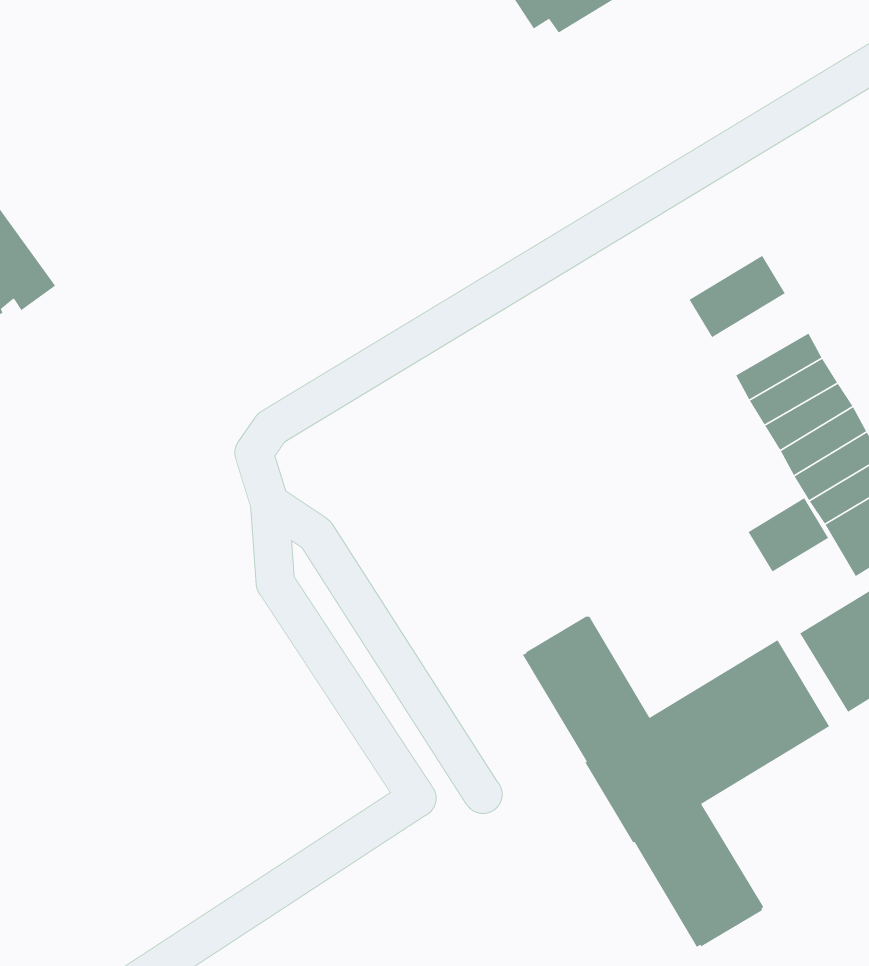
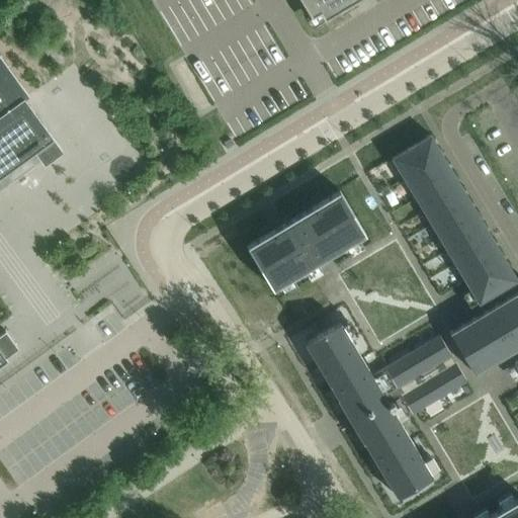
building: none -> [405,157,455,199]
building: none -> [247,191,365,290]
building: [747,497,829,573] -> none

